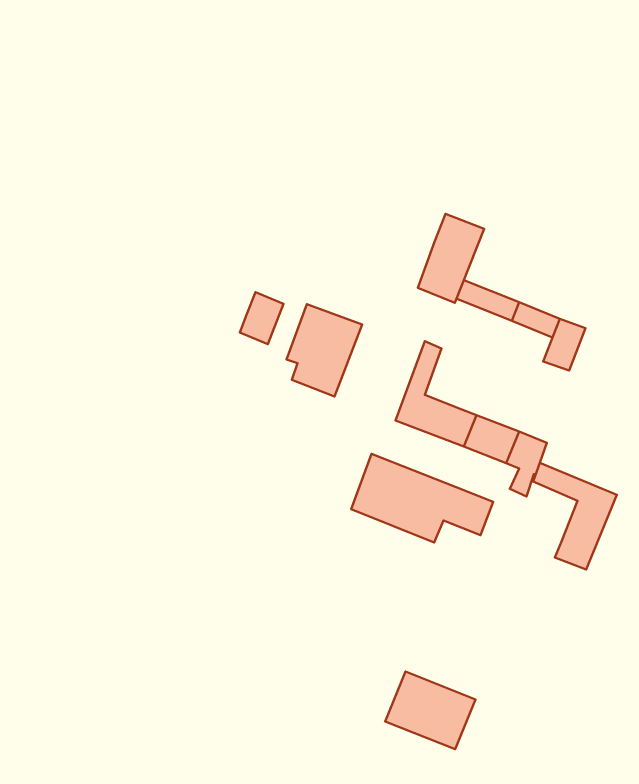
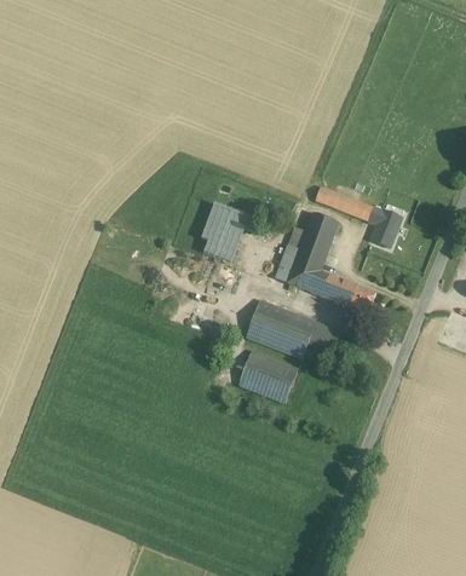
building: [418,214,484,303] -> [295,213,339,271]
building: [240,292,283,344] -> none
building: [533,463,617,569] -> none
building: [385,672,476,749] -> [238,351,298,402]

